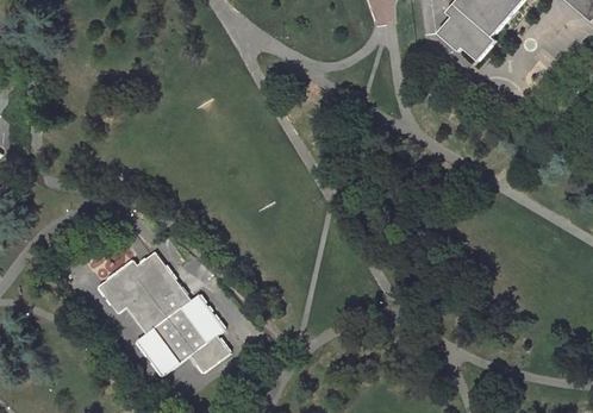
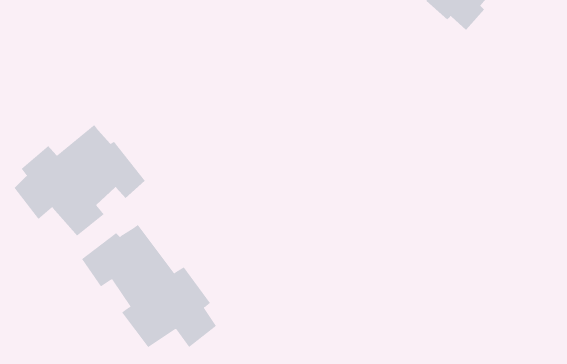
building: none -> [14,124,145,237]

